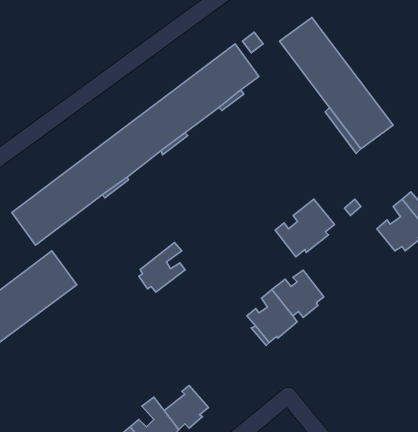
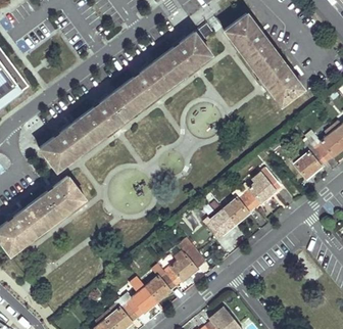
building: [275,199,334,257] -> [241,167,282,206]
building: [139,242,185,292] -> none
building: none -> [161,238,205,283]

